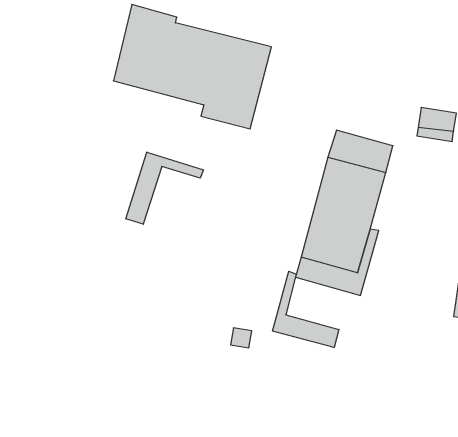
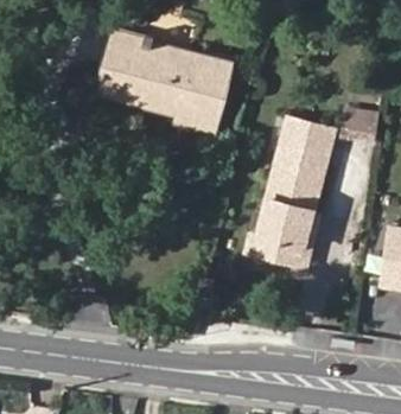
building: [126,152,204,224] -> none
building: [273,271,339,348] -> none

